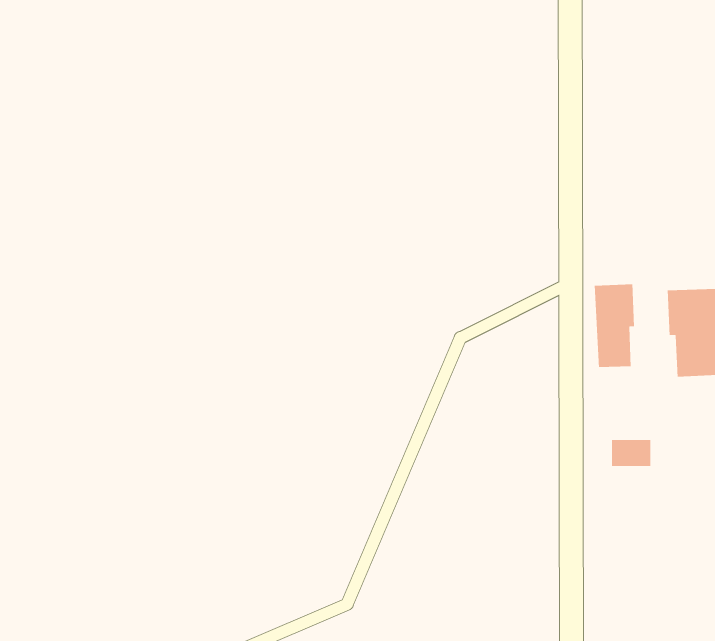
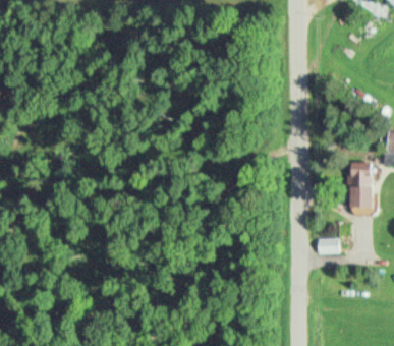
building: [594,284,635,368] -> none

